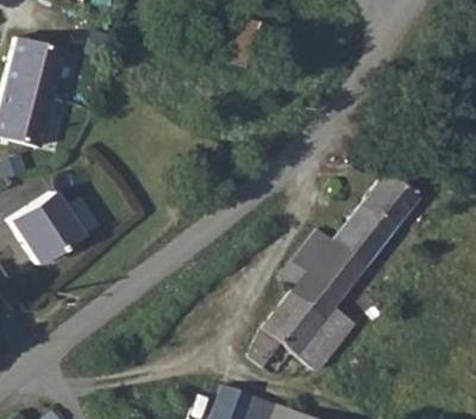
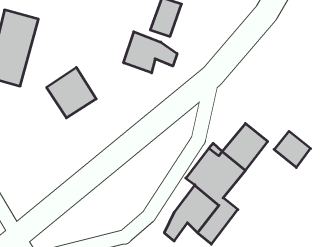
building: none -> [124,32,177,73]
building: [364,173,416,225] -> [274,131,311,168]
building: [21,193,93,265] -> [47,67,96,118]

